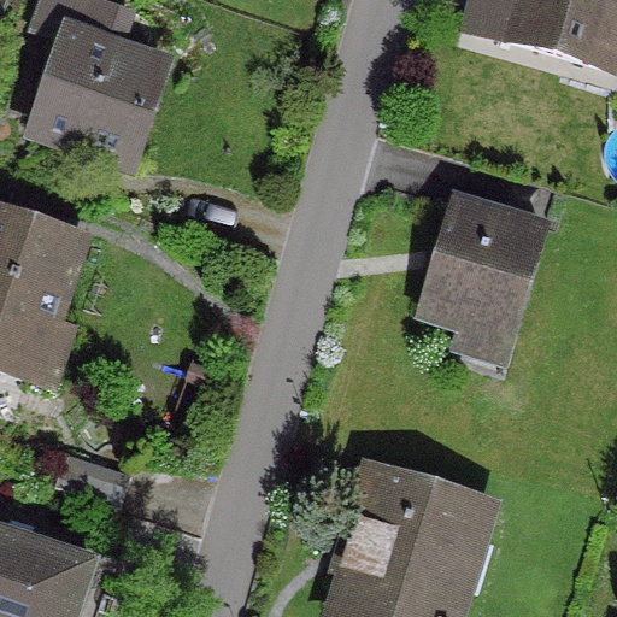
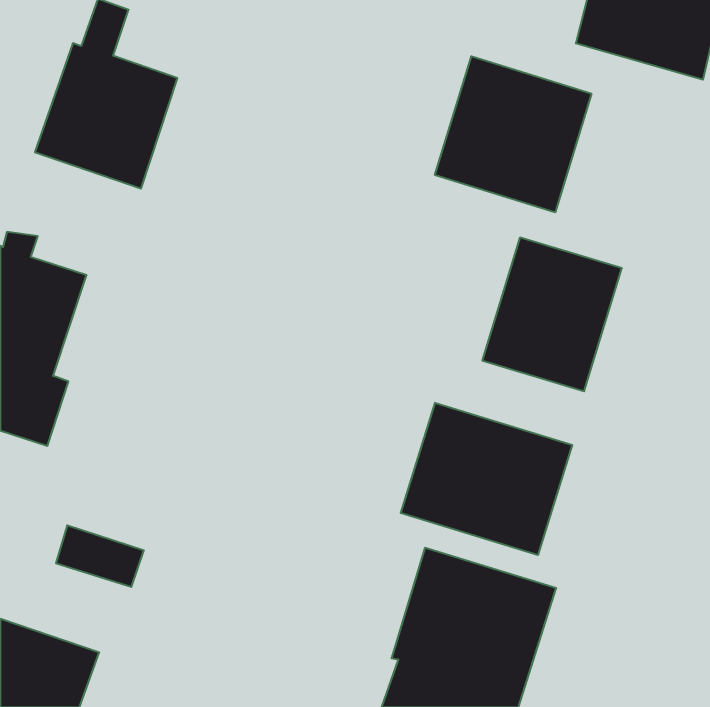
building: none -> [435,56,591,212]
building: none -> [401,403,572,555]

